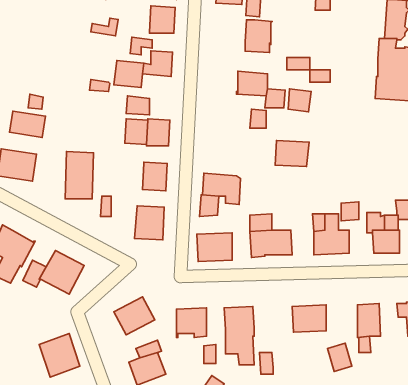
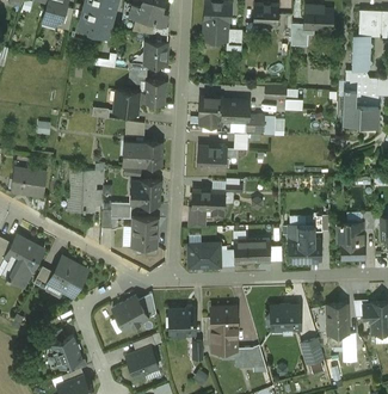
building: [245,20,272,53] -> [199,98,223,127]
building: [9,111,46,137] -> none
building: [275,141,309,166] -> [197,147,227,170]

